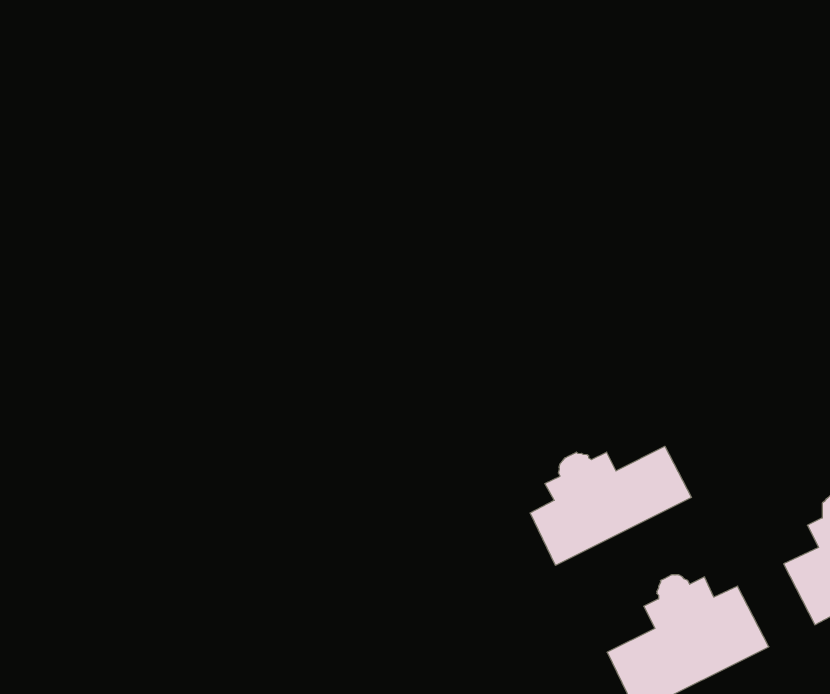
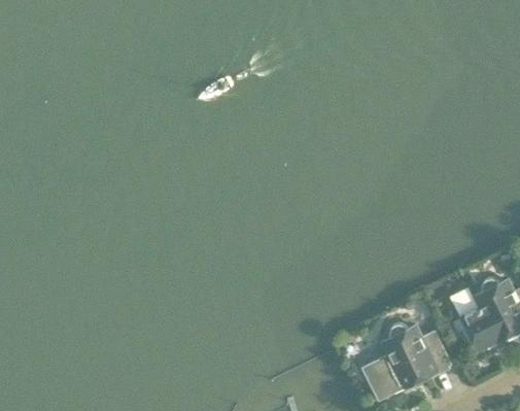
building: [530,446,691,565] -> none

